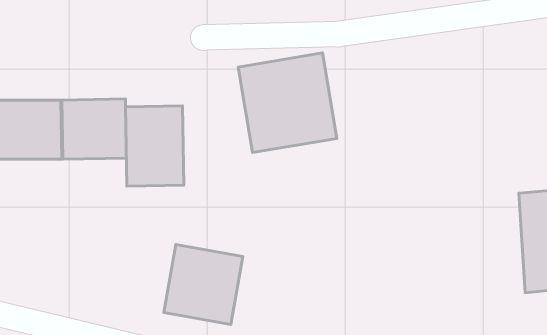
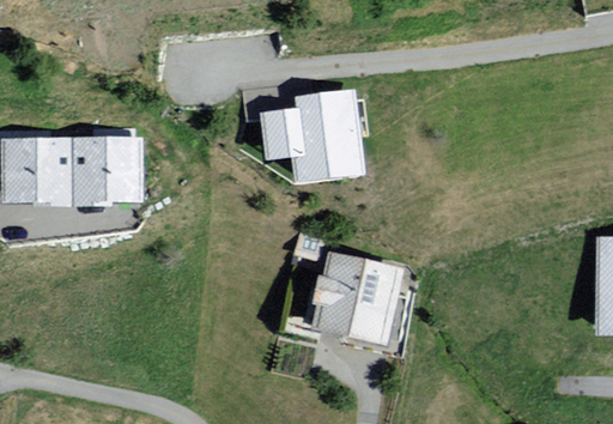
building: [126,106,184,186] -> none
building: [164,244,243,324] -> [317,252,403,339]

